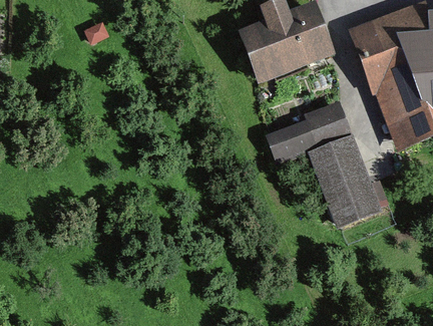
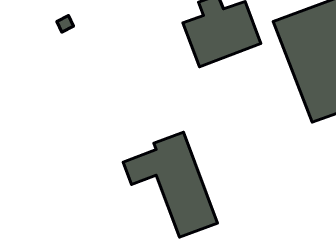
building: [268,97,382,225] -> [123,132,218,237]

